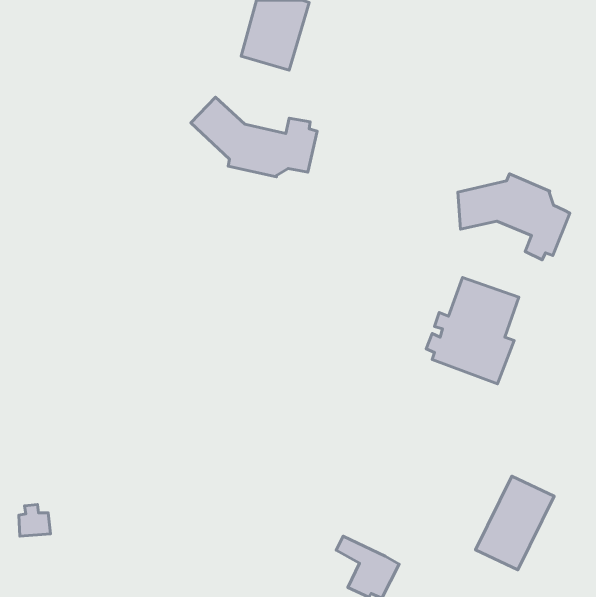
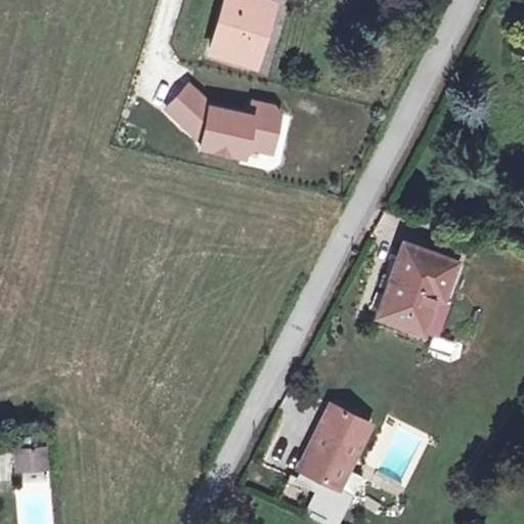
building: [458,174,570,260] -> none
building: [476,476,554,570] -> [302,405,370,487]

